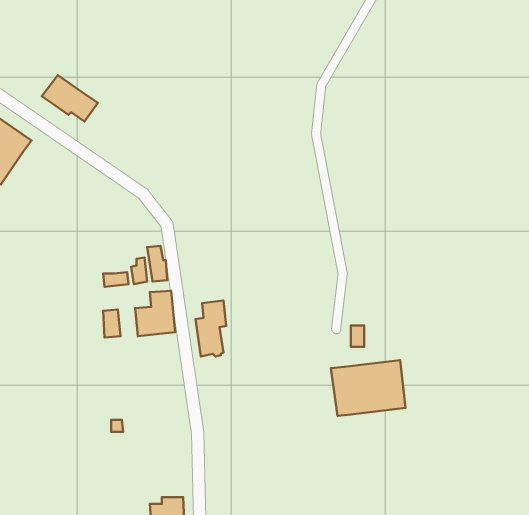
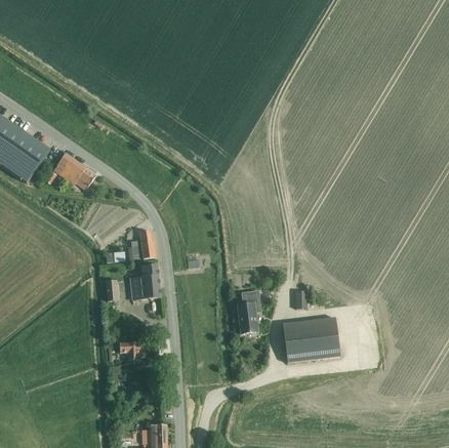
building: [42,75,98,122] -> [52,153,95,189]
building: [196,301,226,356] -> [236,290,259,333]
building: none -> [119,340,146,359]

